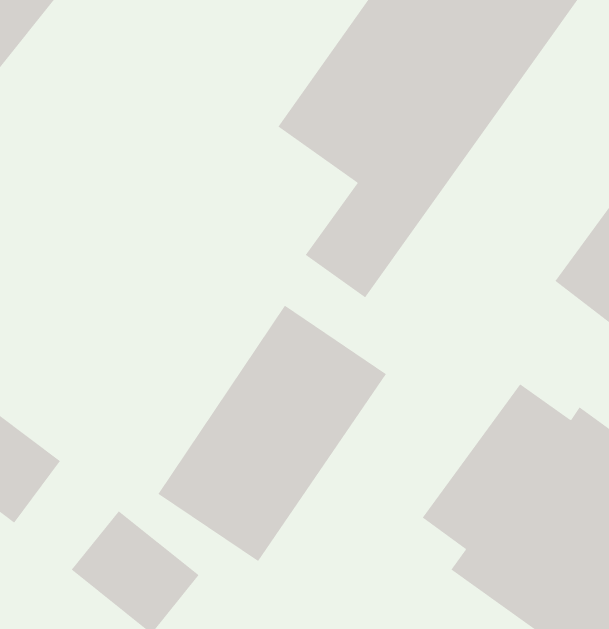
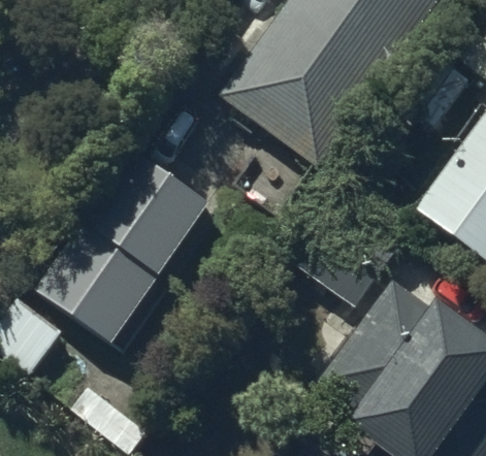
building: [157,305,387,562] -> [38,153,202,336]

